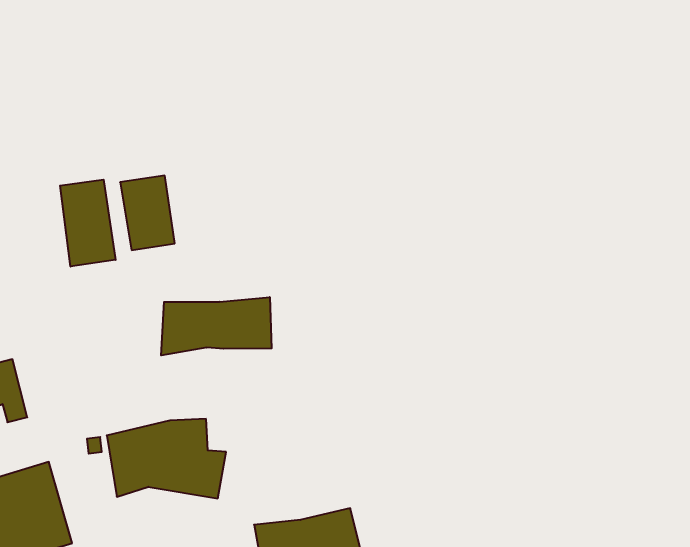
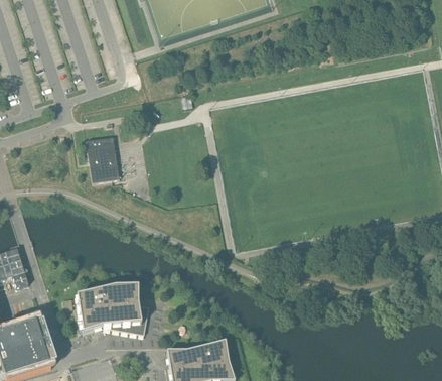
building: [60,180,116,267] -> none
building: [161,297,272,355] -> none

